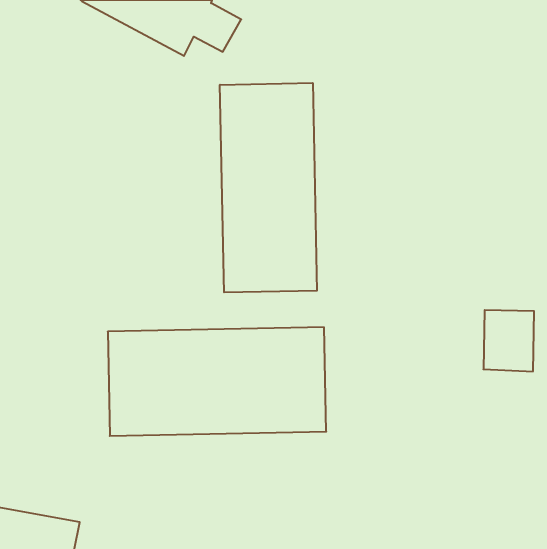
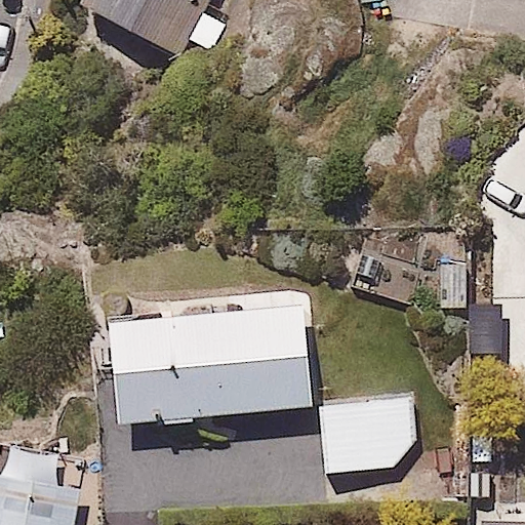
building: [220,83,317,292] -> none
building: none -> [320,390,416,470]

